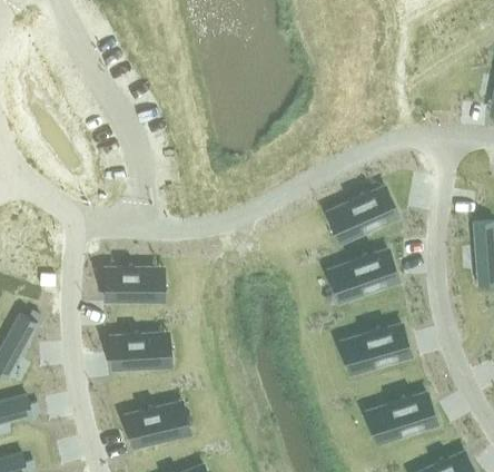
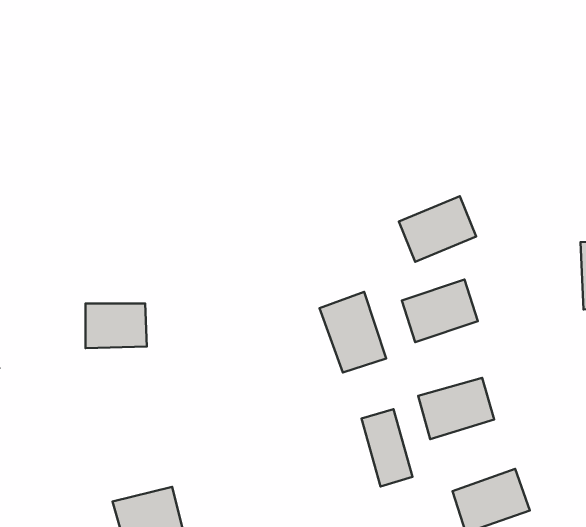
building: none -> [320,292,386,372]
building: [109,334,156,368] -> none
building: none -> [361,409,412,486]

